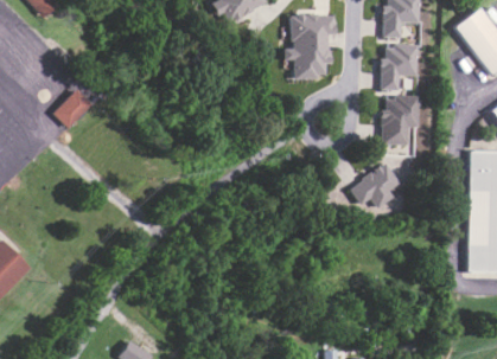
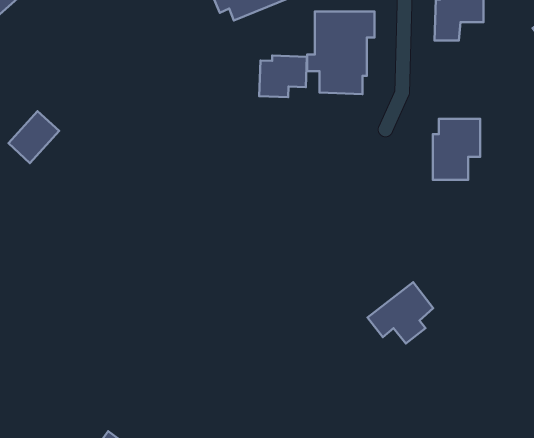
building: [380,44,418,90] -> none
building: none -> [259,55,307,97]
building: [349,161,400,209] -> [367,282,433,343]

